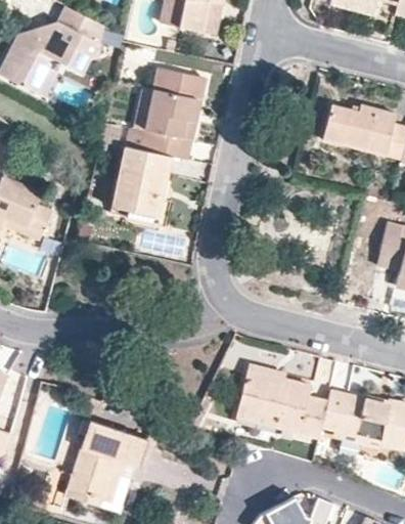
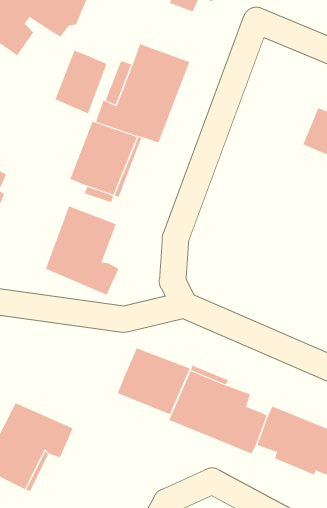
building: none -> [55,50,107,114]
building: none -> [45,205,119,296]
building: none -> [117,347,191,415]

